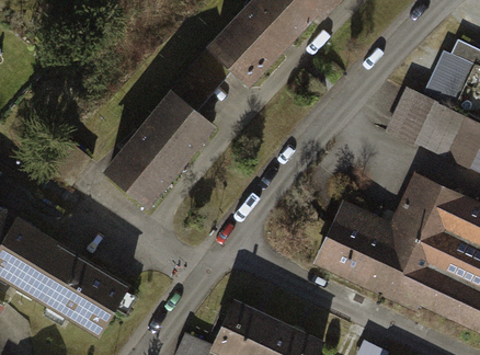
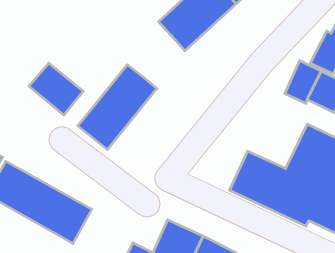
building: [176,36,240,113] -> none
building: none -> [29,63,83,115]

